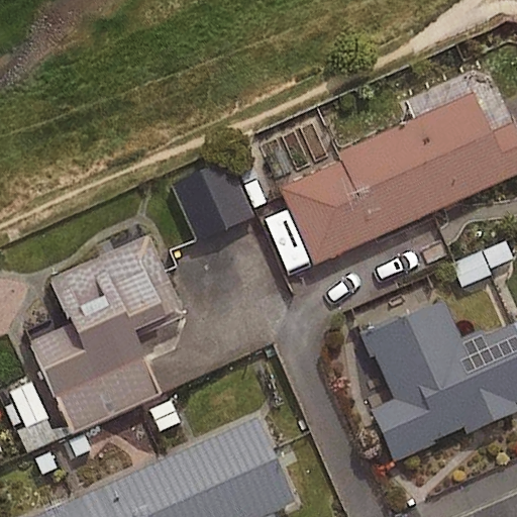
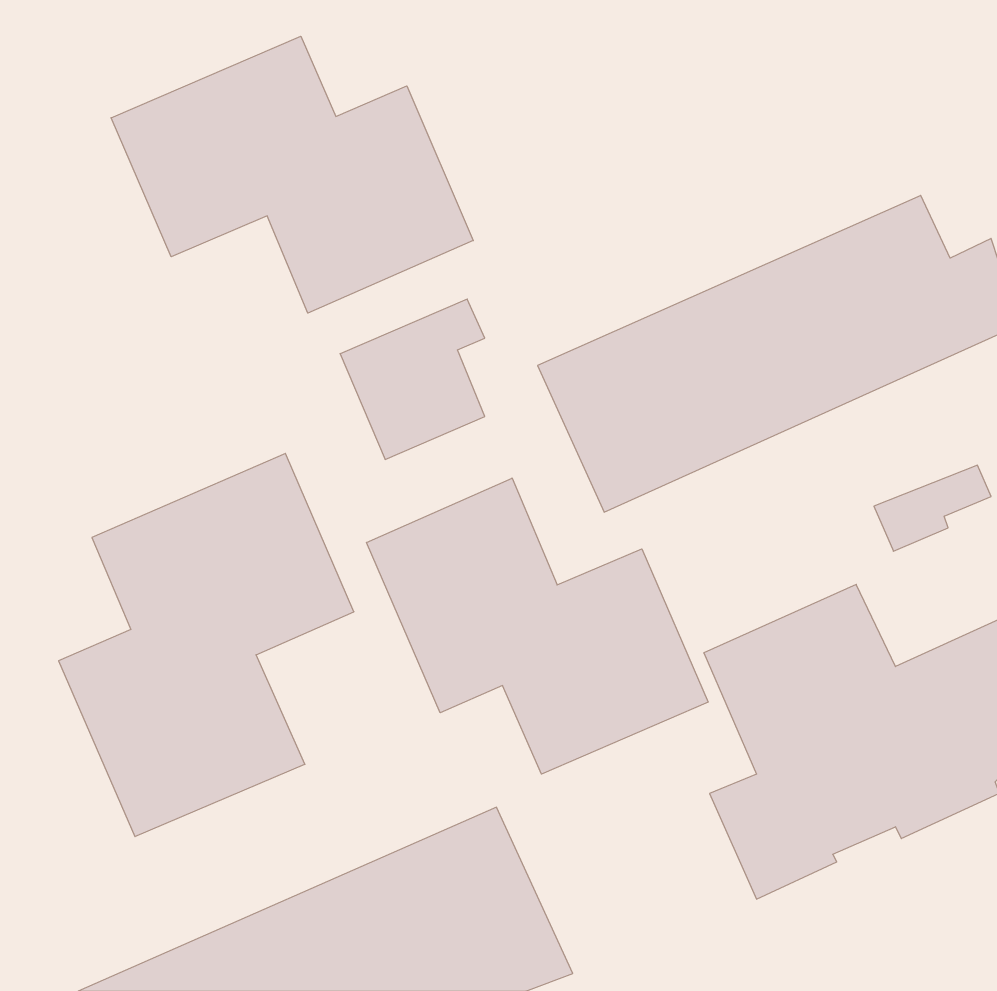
building: none -> [111,36,473,313]
building: none -> [367,478,708,774]

